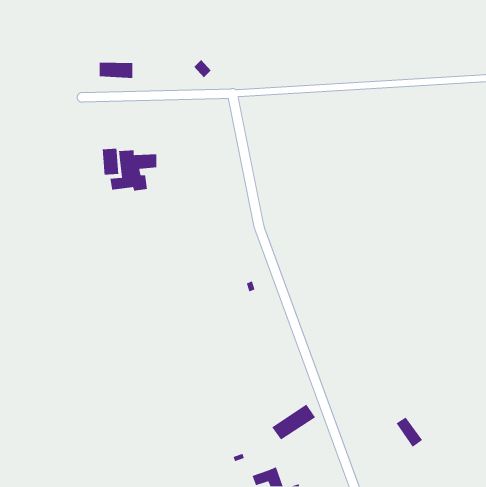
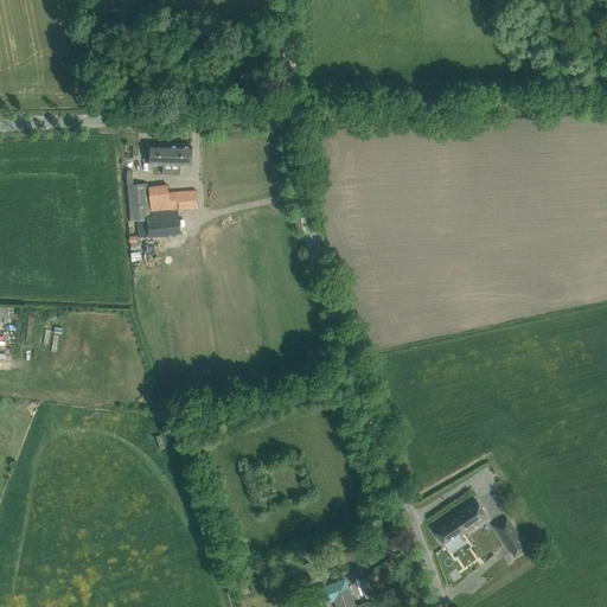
building: [99,62,133,79] -> [148,145,191,166]
building: [271,403,316,441] -> [432,500,487,547]

